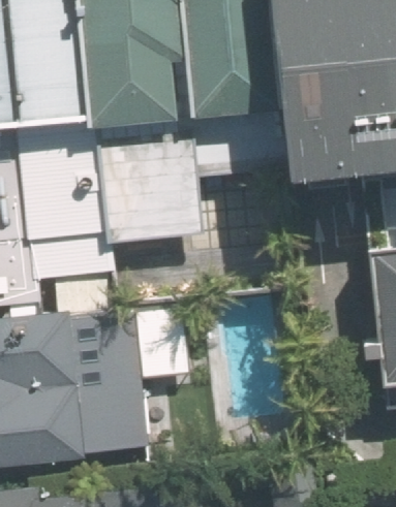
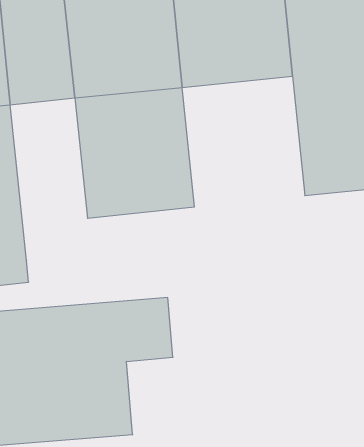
building: [18,110,98,274] -> none

